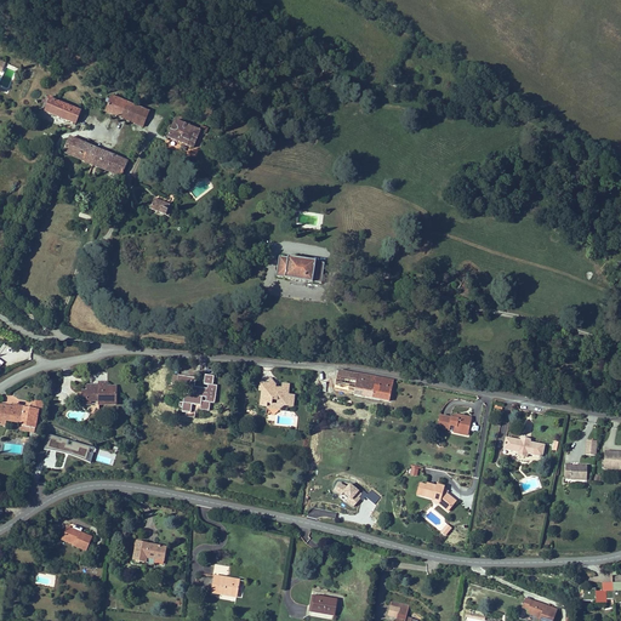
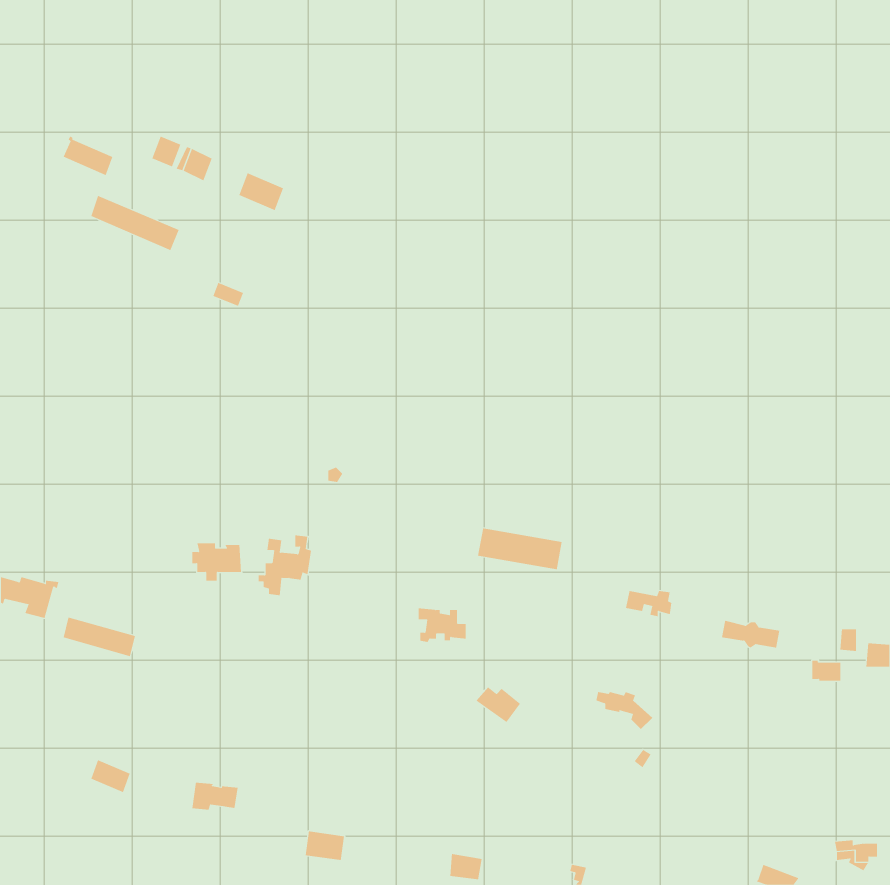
building: [275,256,324,281] -> none
building: [258,378,292,403] -> [418,608,467,643]
building: [79,382,114,409] -> [191,543,242,581]

